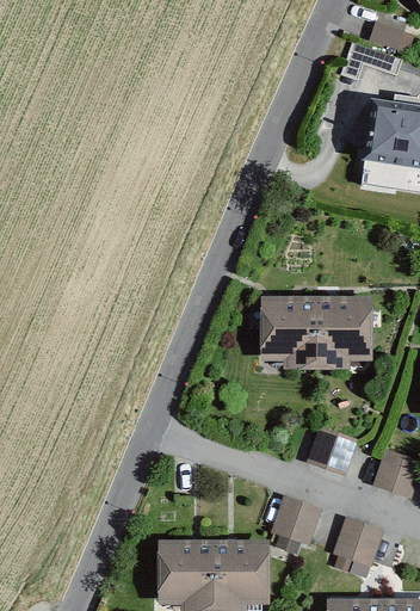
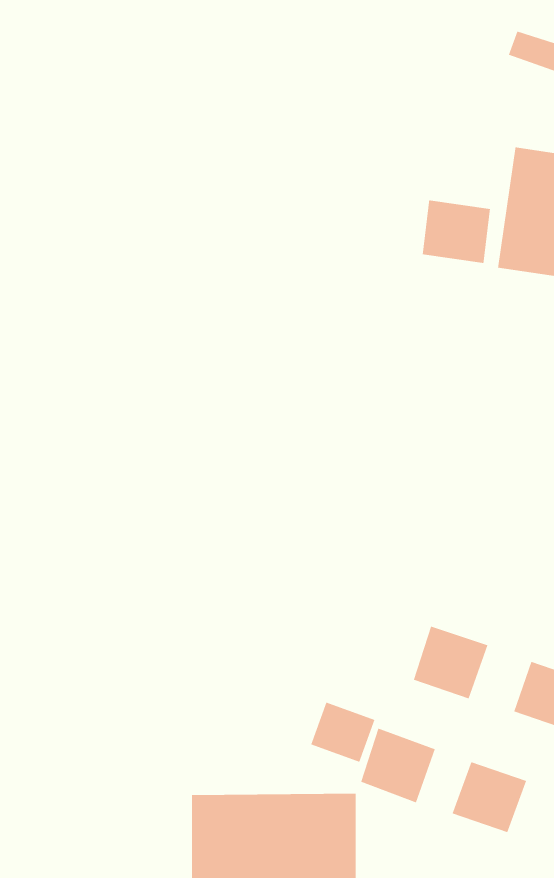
building: none -> [422,199,491,264]
building: [258,296,370,368] -> none
building: none -> [310,701,375,763]

